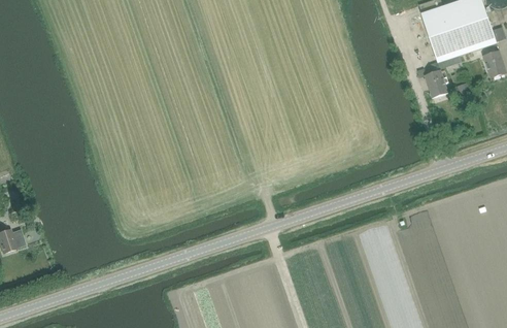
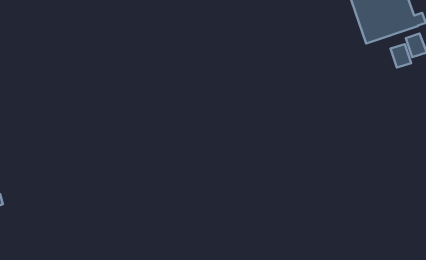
building: [425,70,448,97] -> [390,44,411,68]

